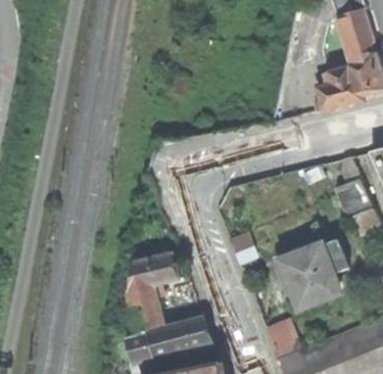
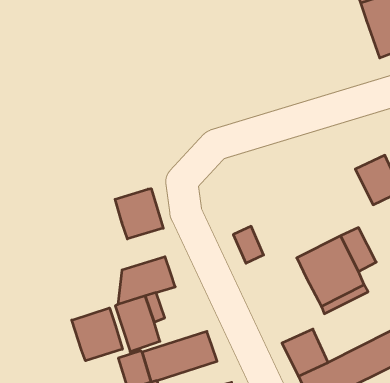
building: [315,66,361,113] -> none
building: none -> [115,189,163,239]
building: none -> [72,308,122,361]

